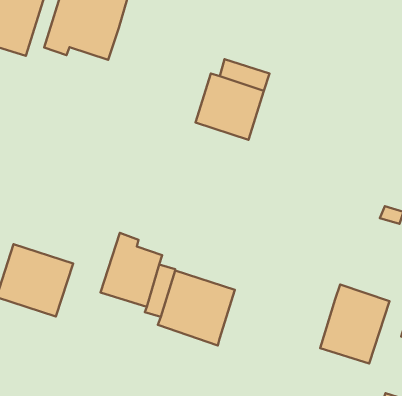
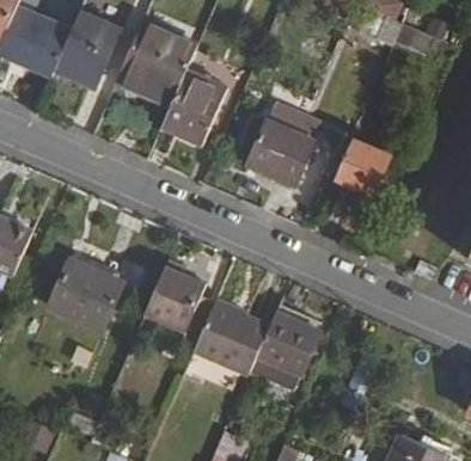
building: none -> [166,68,230,143]
building: none -> [335,137,389,193]
building: [320,285,389,364] -> [251,311,320,387]

